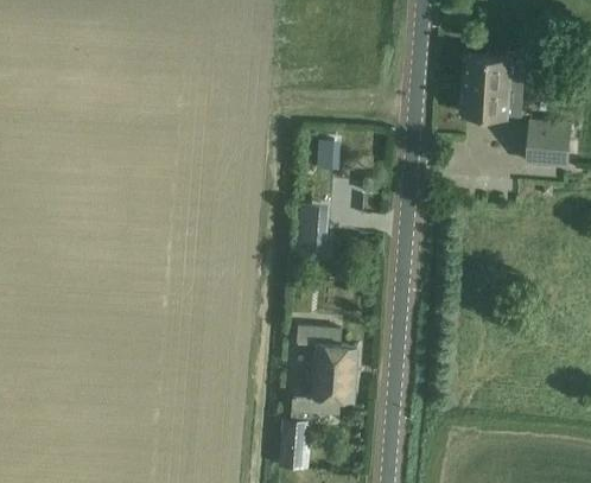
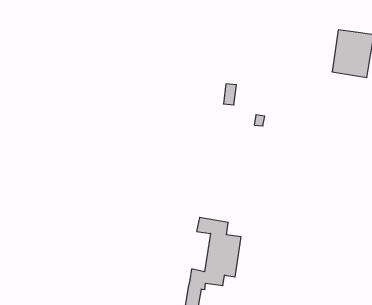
building: [301,198,328,247] -> none

